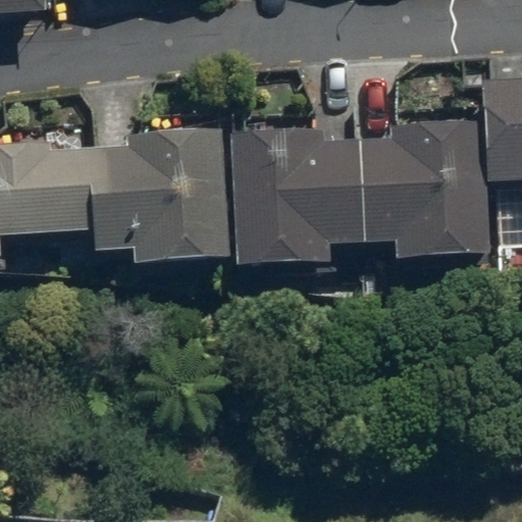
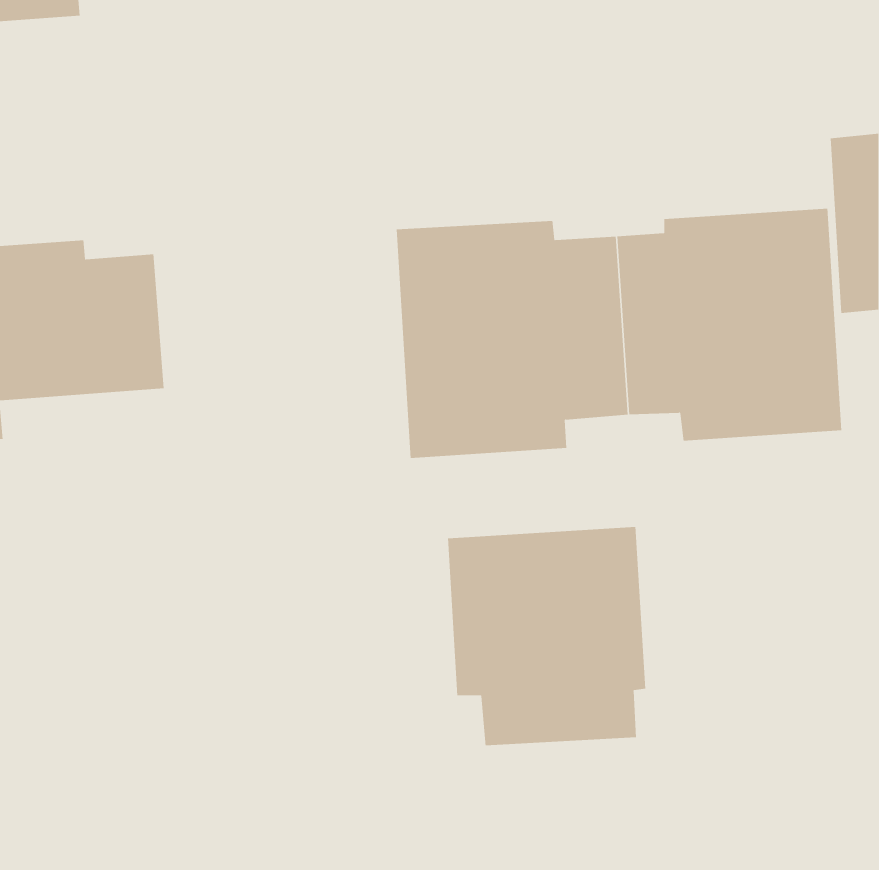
building: [90,126,230,262] -> none
building: none -> [447,526,646,746]

